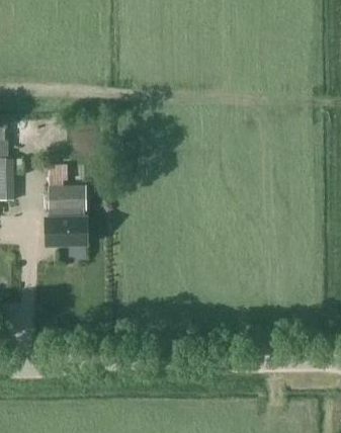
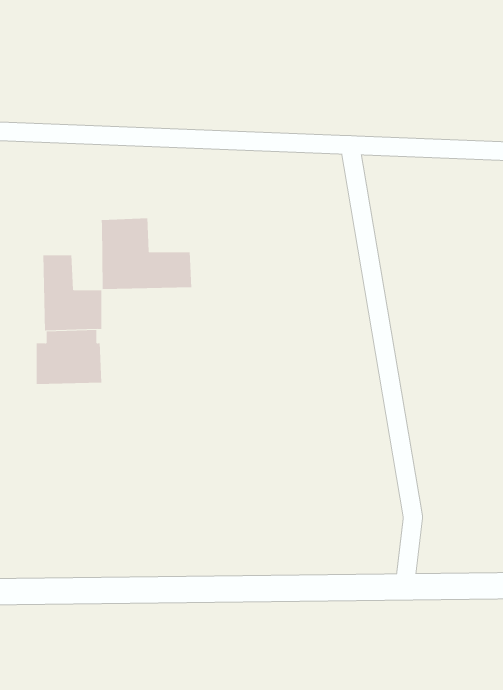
building: none -> [101,218,192,290]

